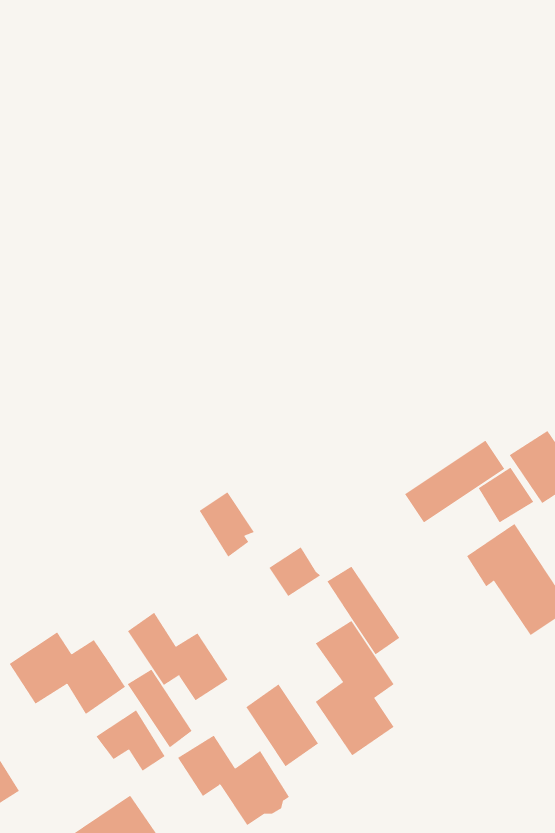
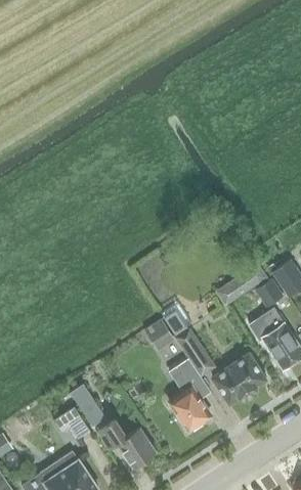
building: [199,491,255,557] -> [162,303,191,338]
building: none -> [213,354,265,403]
building: [127,612,228,701] -> none
building: [9,632,126,715] -> none
building: [245,683,319,767] -> none

